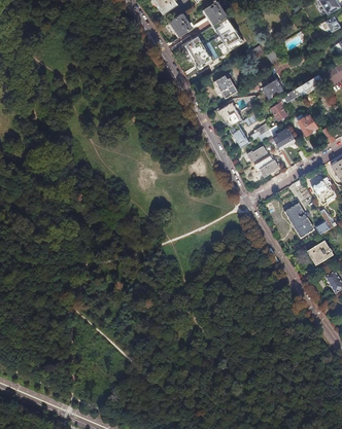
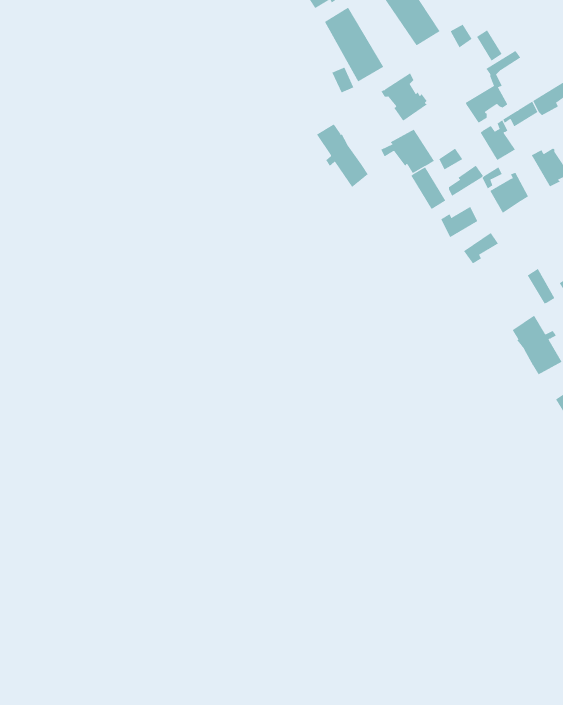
building: none -> [316,124,369,188]

